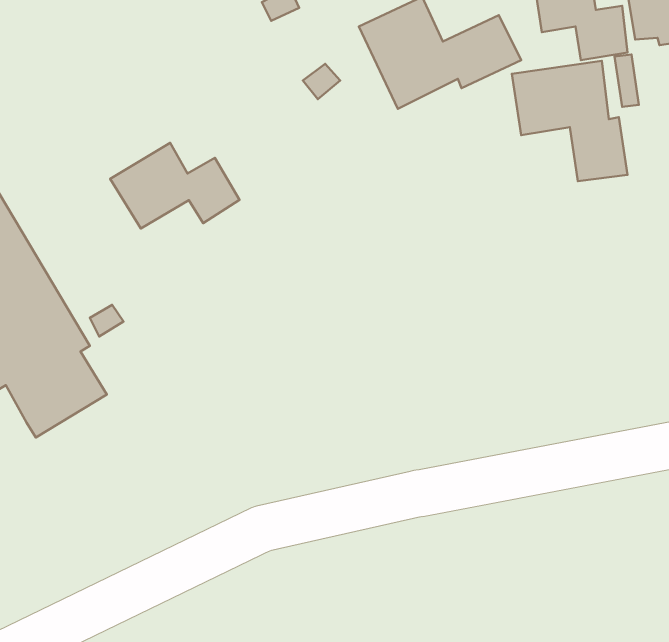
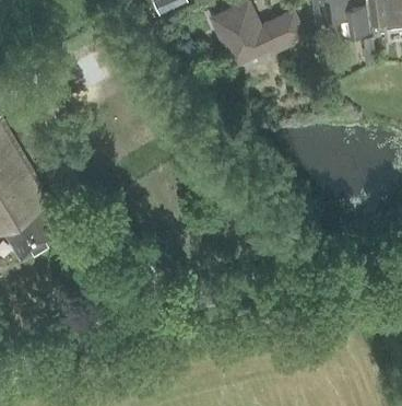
building: [512,61,628,181] -> none
building: [110,143,240,228] -> none

